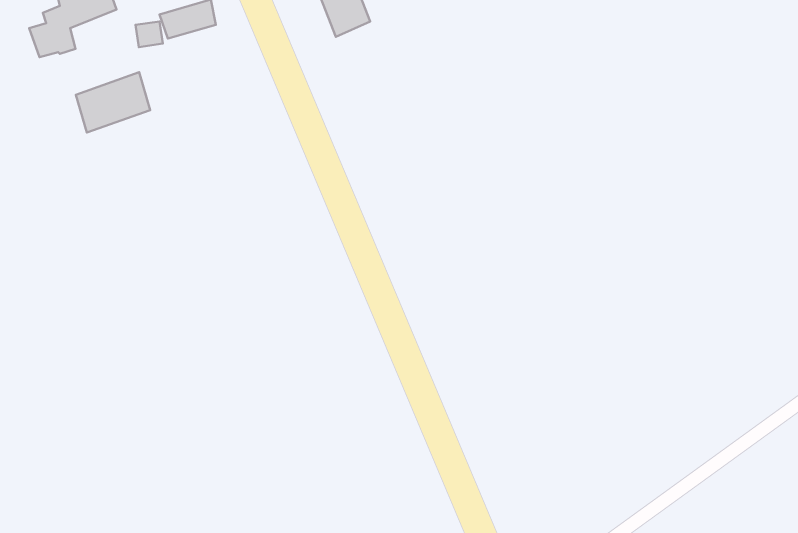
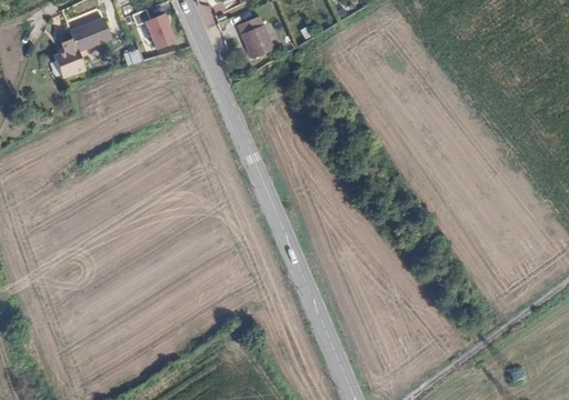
building: [76,72,150,133] -> none

